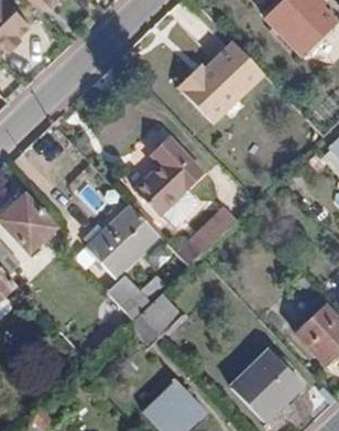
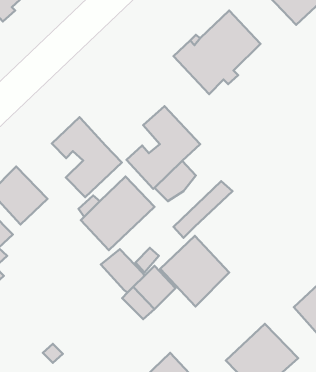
building: none -> [52,117,122,197]
building: none -> [160,236,229,307]

